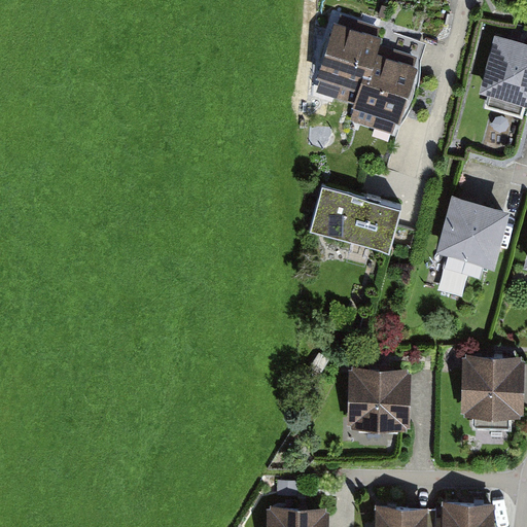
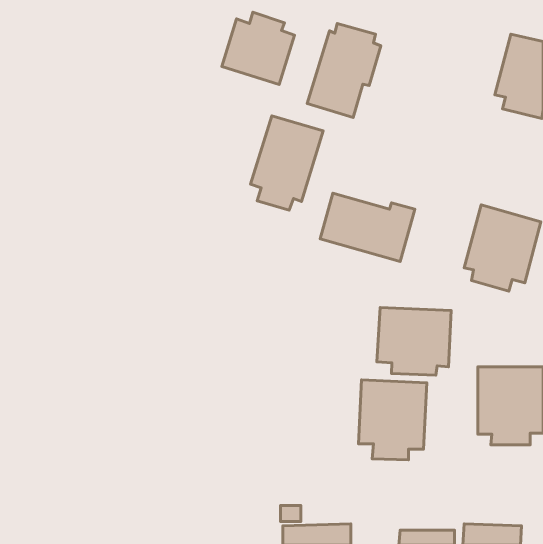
building: none -> [222,12,295,84]
building: [349,30,420,120] -> none
building: none -> [250,116,323,210]
building: none -> [377,308,451,375]

